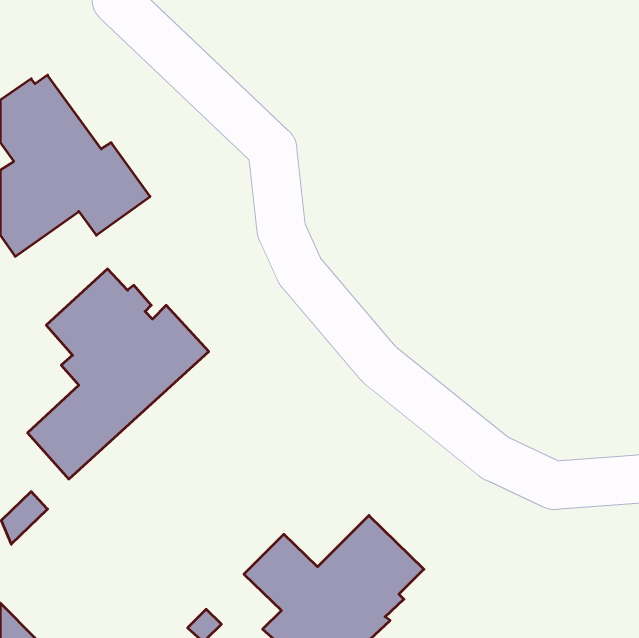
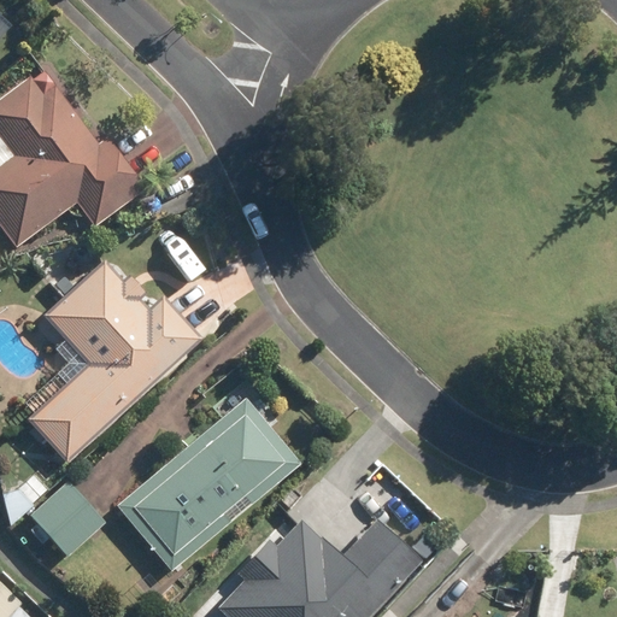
building: none -> [114,399,299,571]
building: none -> [30,482,105,557]

